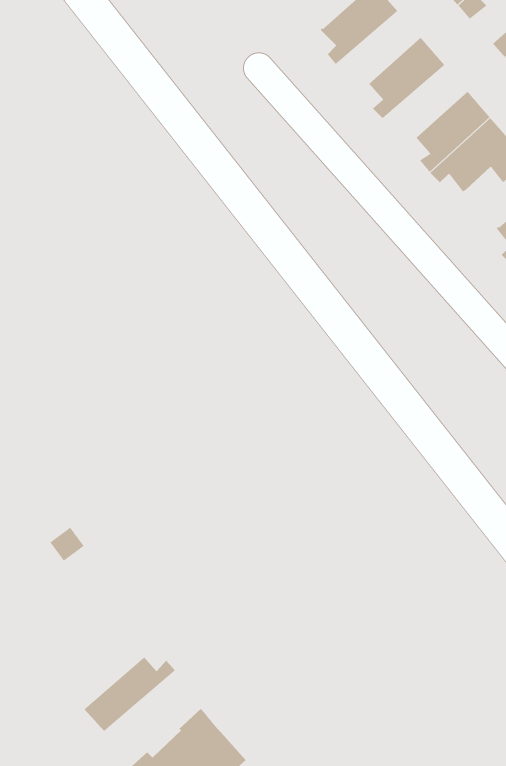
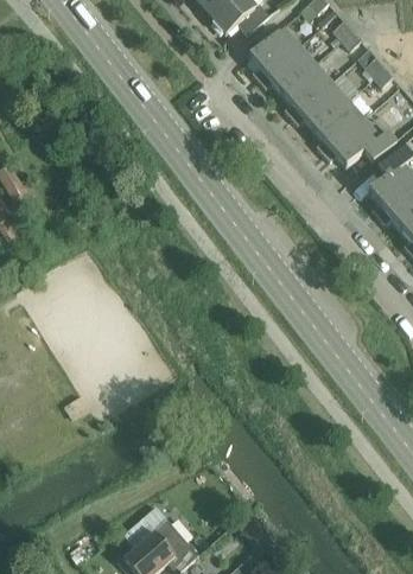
building: none -> [259,44,317,94]
building: none -> [291,81,349,130]
building: [83,657,176,732] -> none

